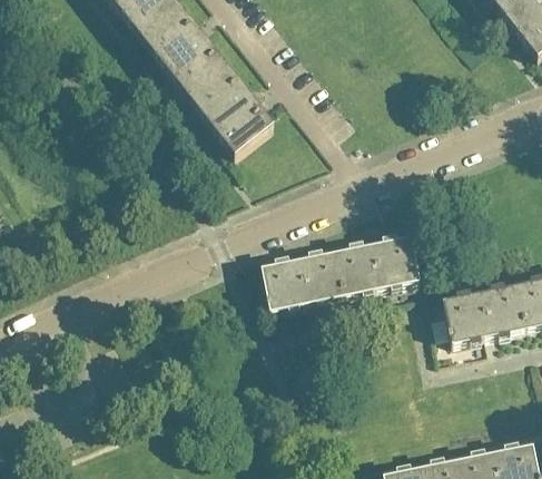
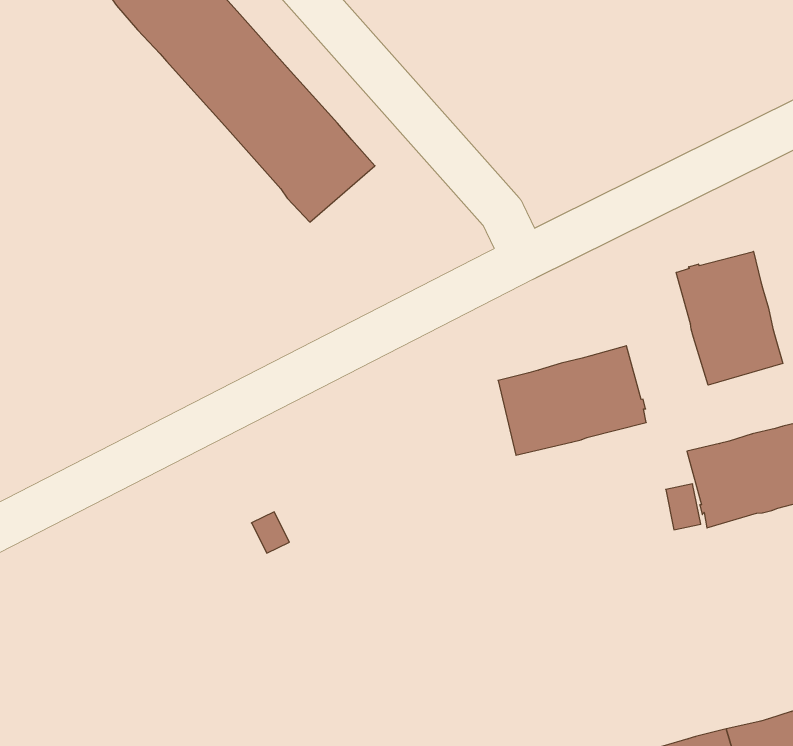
building: none -> [676,251,783,385]
building: [262,251,345,310] -> none

